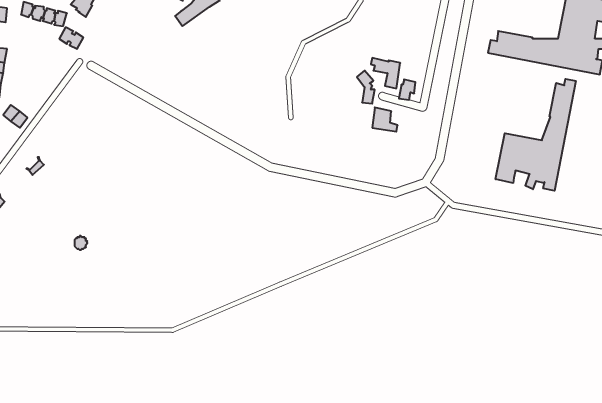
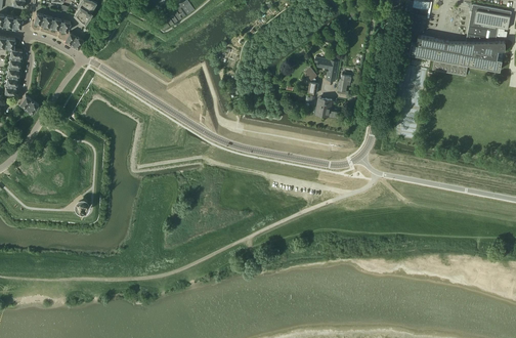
building: [496,79,576,191] -> none

